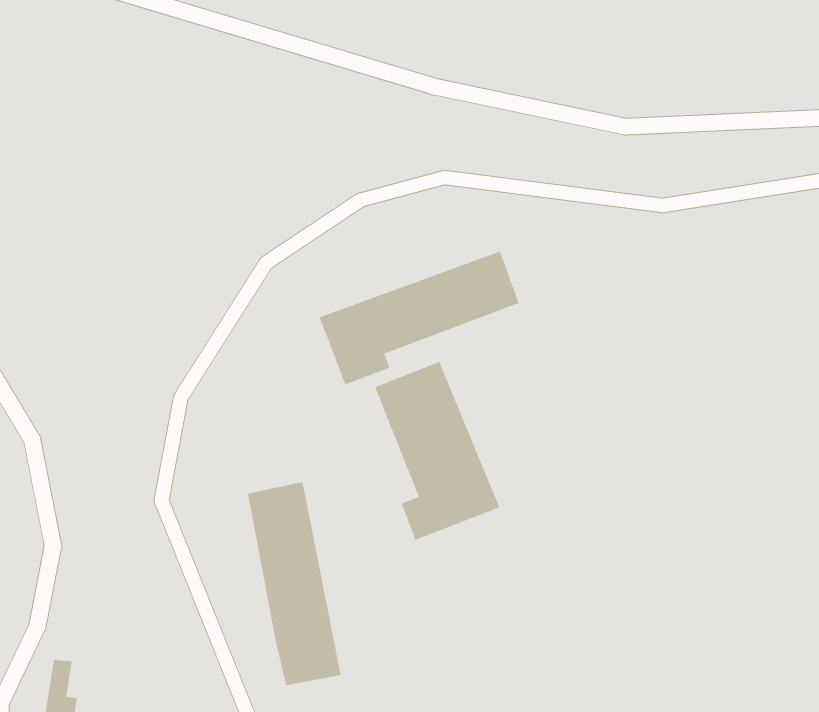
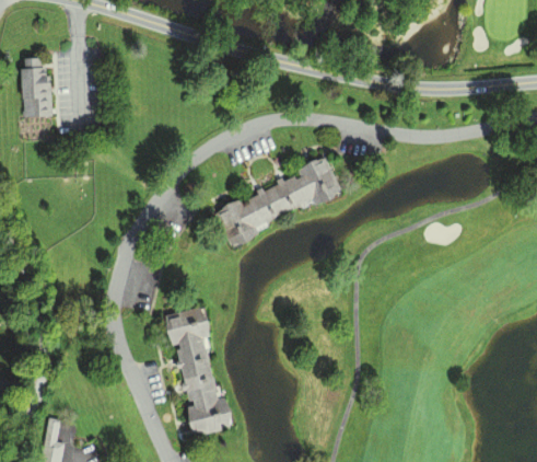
building: none -> [22,56,51,116]
building: [375,361,500,540] -> none

